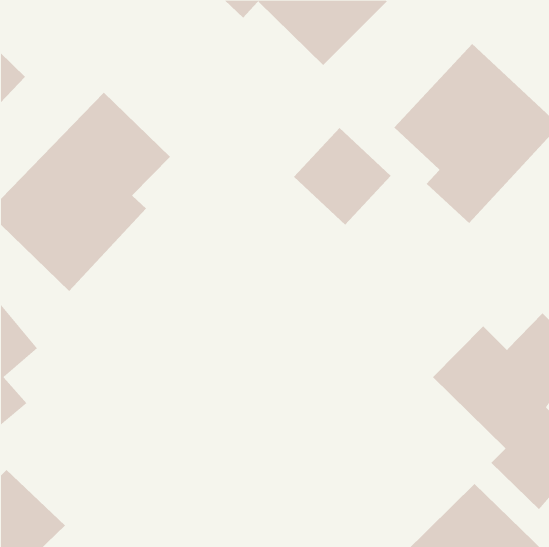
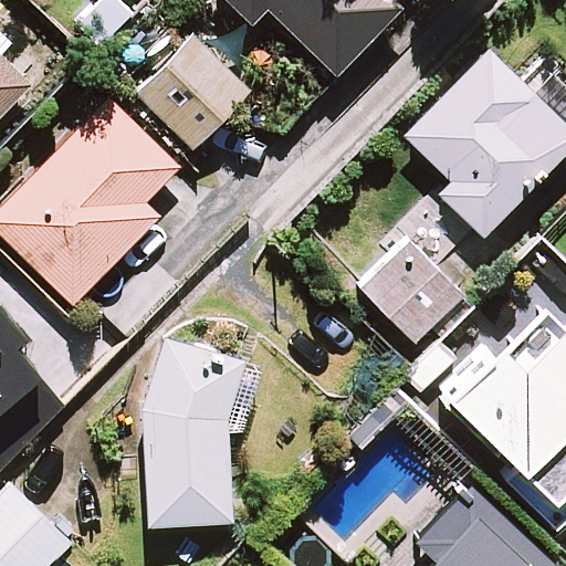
building: none -> [133,31,250,148]
building: [293,127,392,226] -> [363,241,463,342]
building: none -> [145,347,229,522]

